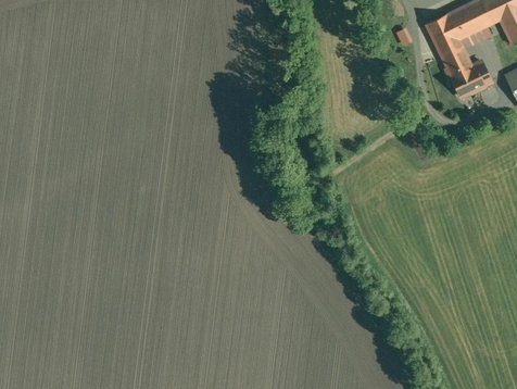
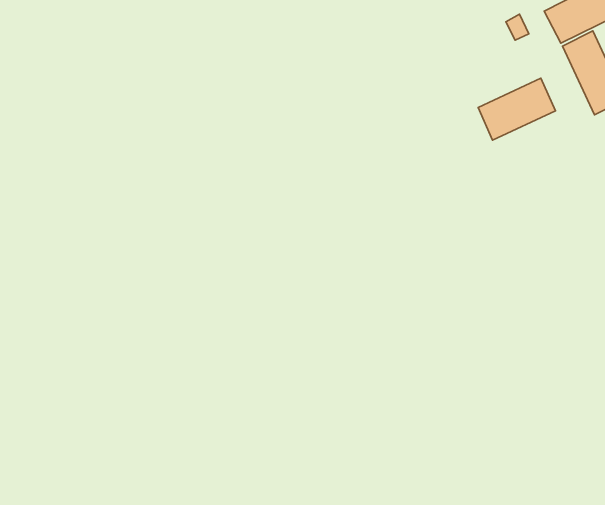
building: none -> [478,78,555,140]

